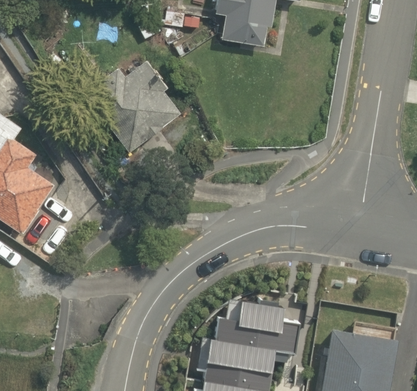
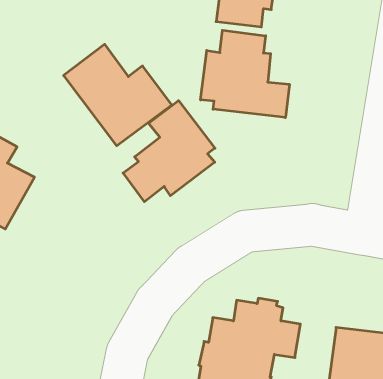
building: none -> [201,30,289,118]
building: none -> [123,101,215,202]

